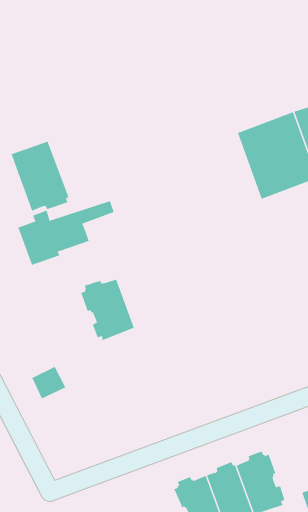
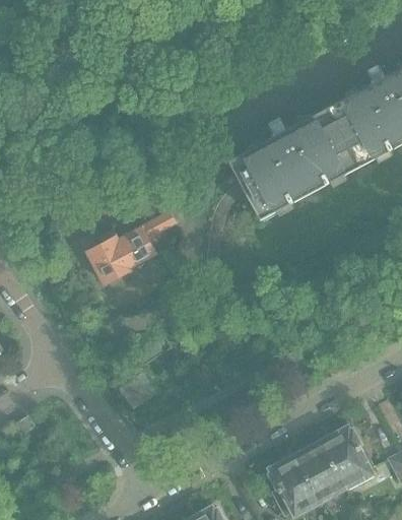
building: none -> [228,134,311,219]
building: [11,141,69,211] -> none
building: [80,279,135,341] -> none

